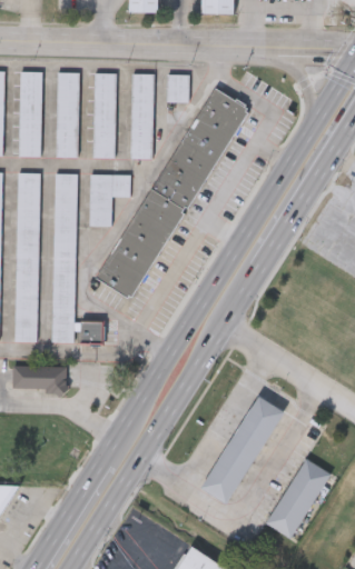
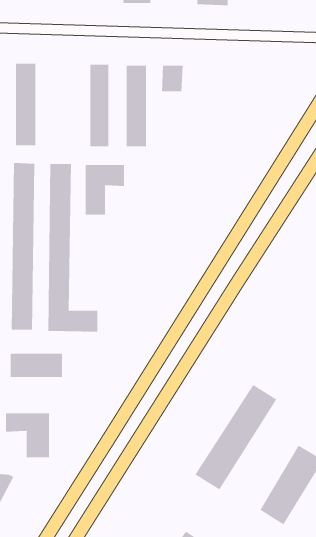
building: [57,72,78,156] -> none
building: [101,86,244,301] -> none
building: none -> [5,413,50,458]

